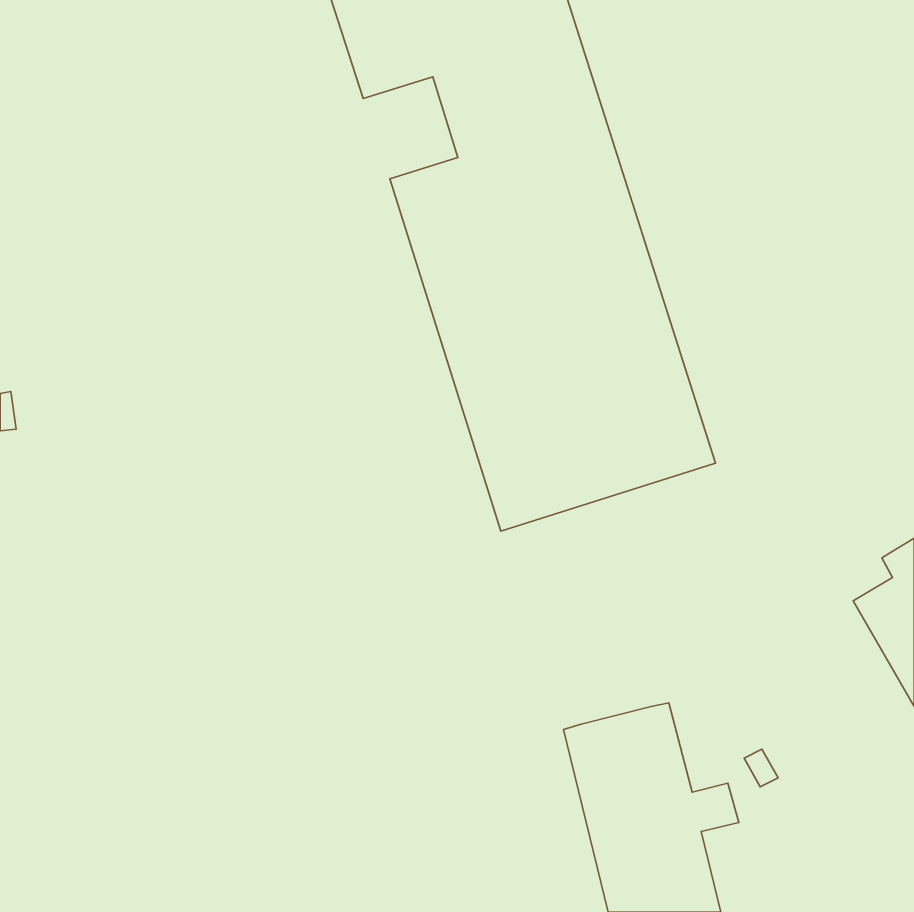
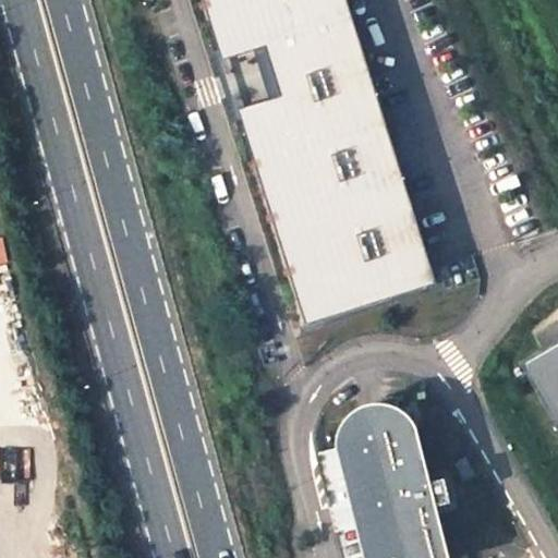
building: none -> [348,407,397,441]

